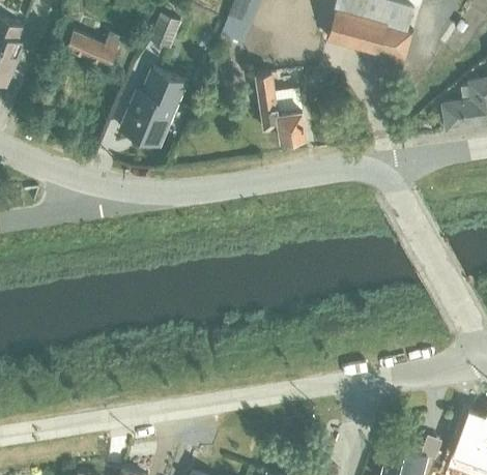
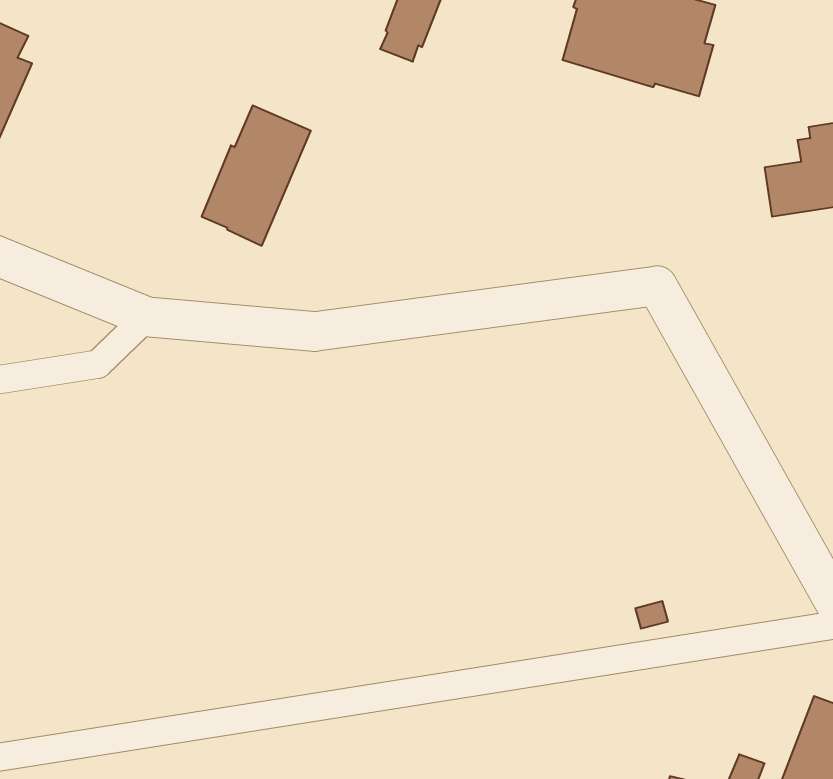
building: [148,13,180,48] -> none
building: [65,30,133,69] -> none
building: [256,72,306,139] -> none

